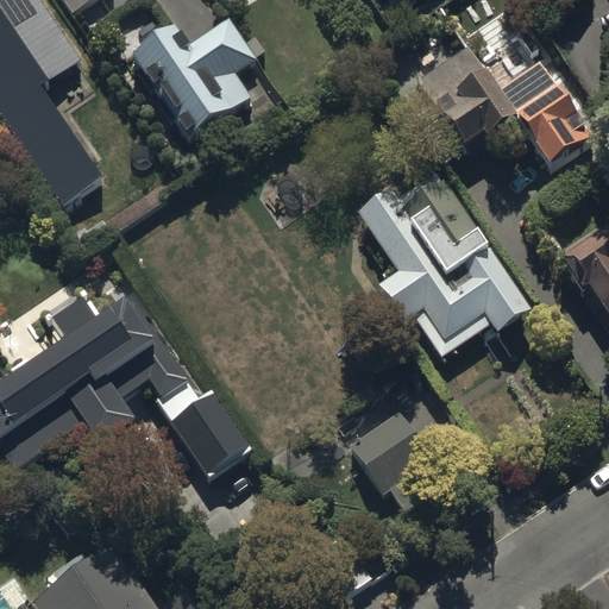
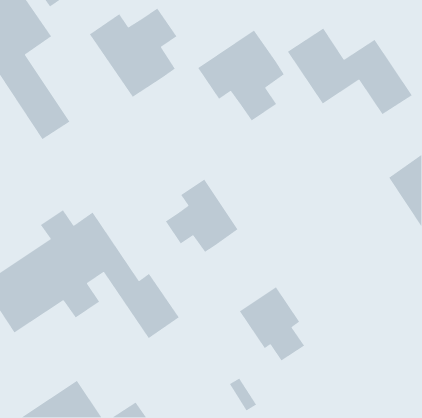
building: none -> [197,30,285,122]
building: [353,156,523,354] -> none
building: none -> [165,178,239,253]

